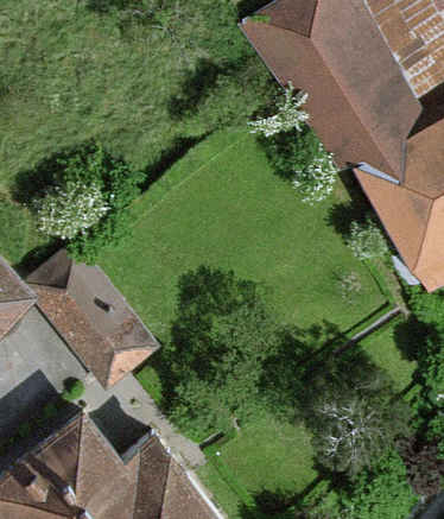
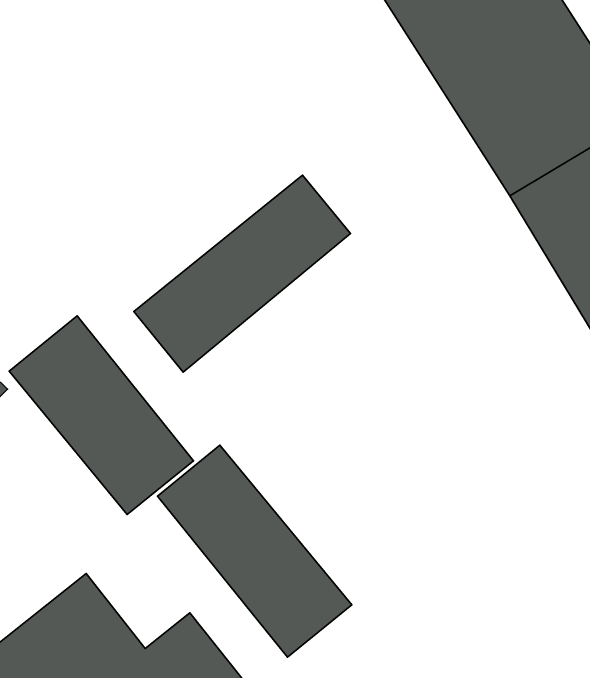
building: none -> [134,175,351,372]
building: none -> [158,445,352,657]

